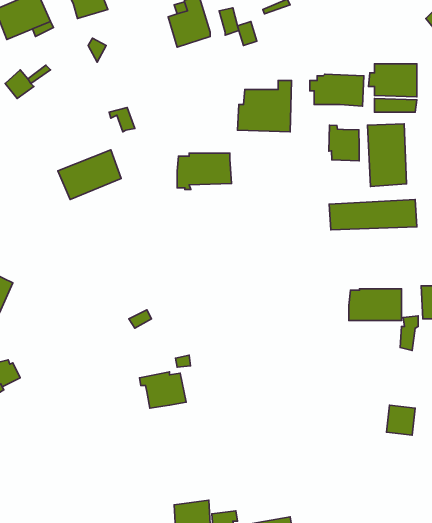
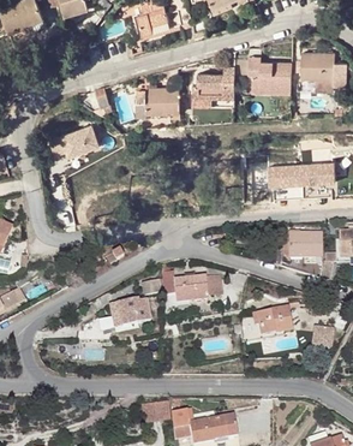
building: [367,124,407,187] -> none
building: [329,125,359,161] -> none
building: [177,153,231,189] -> [137,87,180,115]
building: none -> [162,274,209,302]
building: none -> [252,305,293,335]

